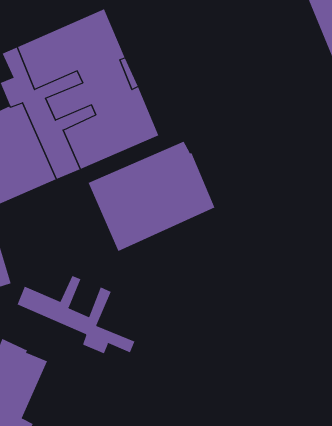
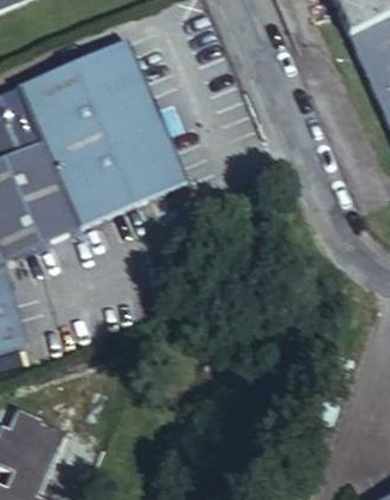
building: [88,141,215,252] -> none
building: [17,275,135,354] -> none

